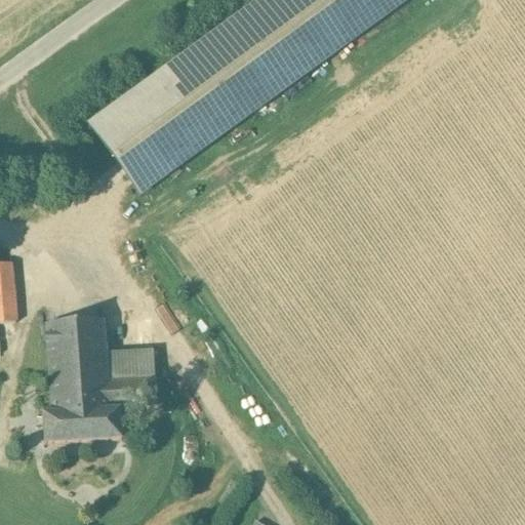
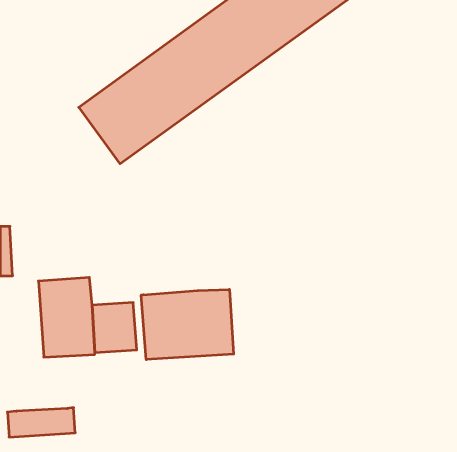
building: none -> [141,289,234,360]
building: [40,405,118,439] -> [7,408,75,437]

